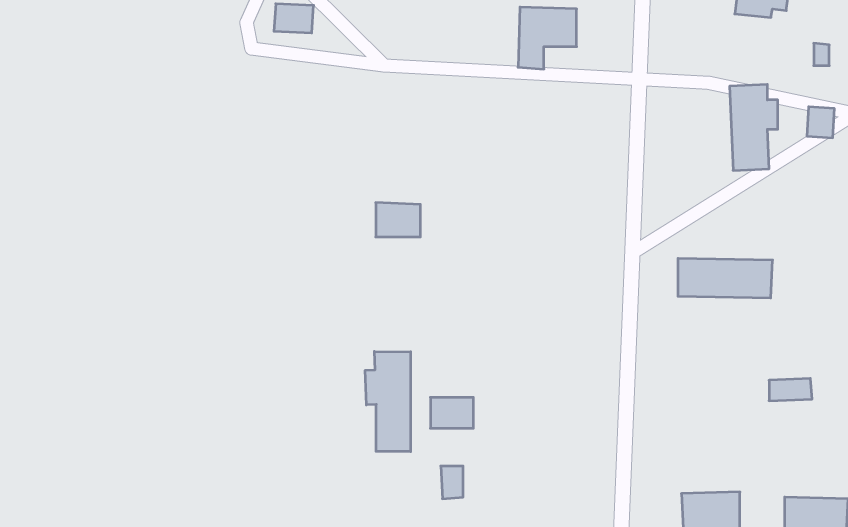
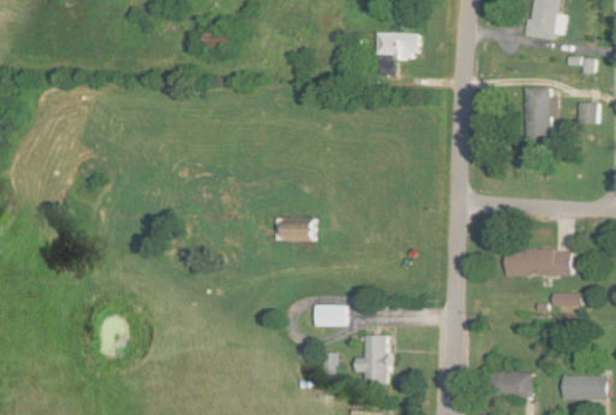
building: [376,203,420,237] -> [283,217,314,241]
building: [678,258,773,298] -> [505,248,571,275]
building: [365,351,411,452] -> none
building: none -> [355,334,387,385]

